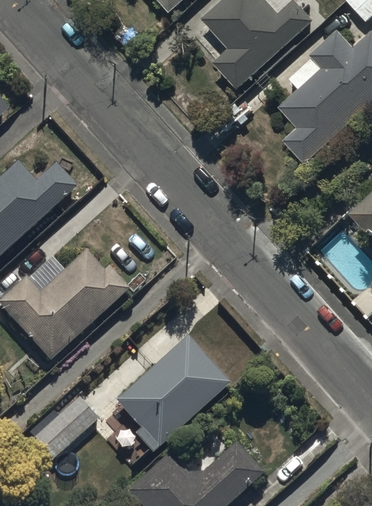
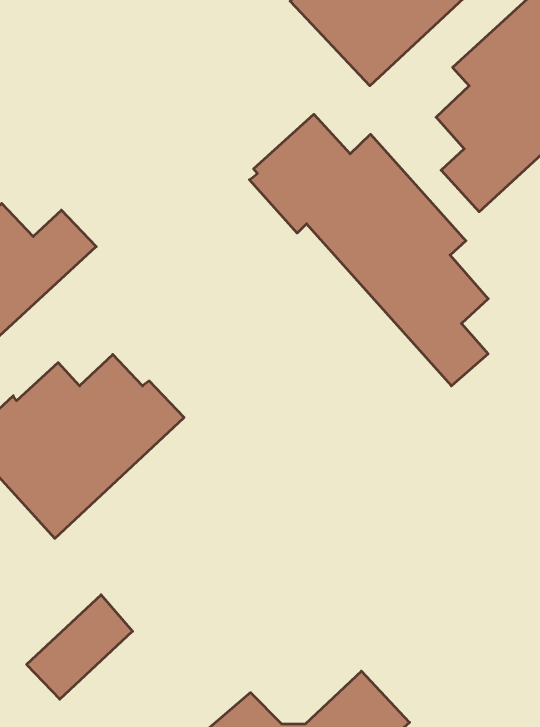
building: none -> [249,114,488,386]
building: [114,335,229,453] -> none

